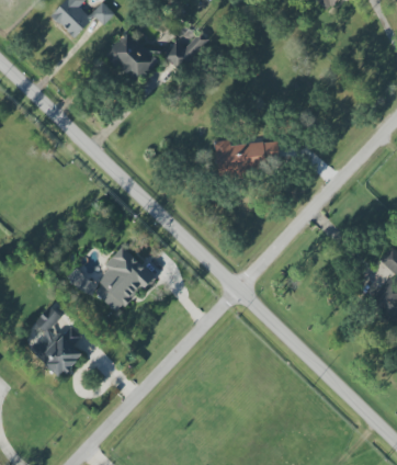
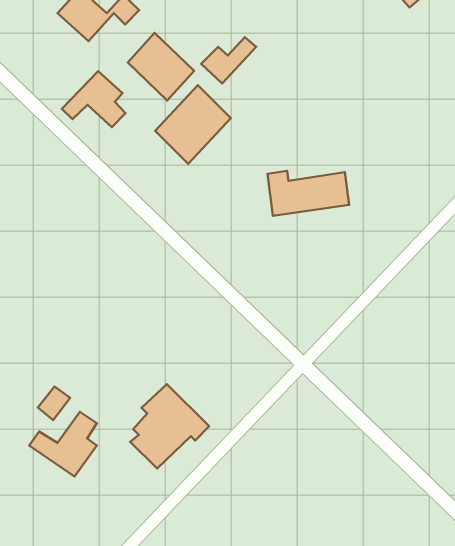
building: none -> [62,71,126,127]
building: none -> [155,85,231,164]
building: [94,246,156,311] -> [130,384,209,469]

